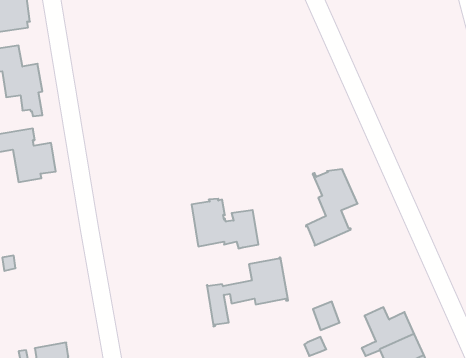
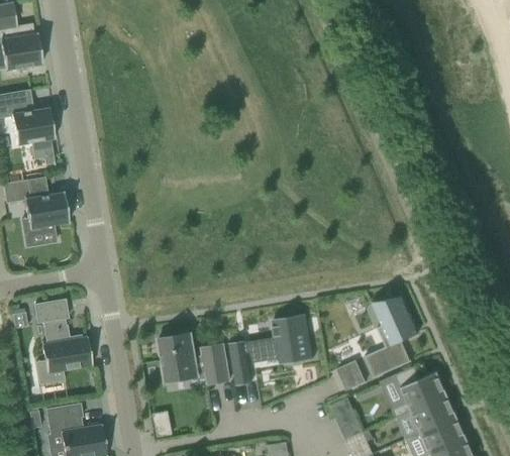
building: [306,169,358,246] -> [364,298,418,378]
building: [192,199,258,248] -> [158,332,228,384]
building: none -> [33,300,91,373]

